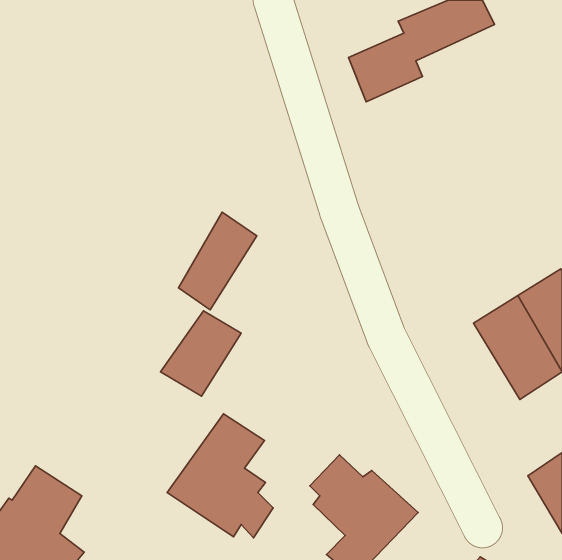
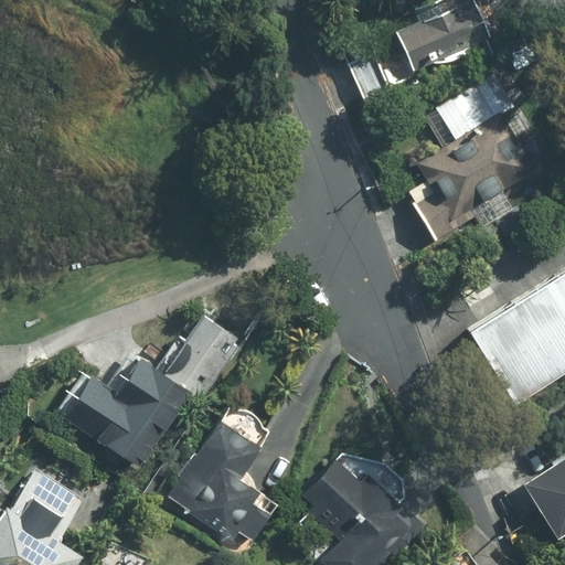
building: none -> [414,72,535,241]
building: [178,212,257,310] -> none
building: none -> [60,364,186,473]

